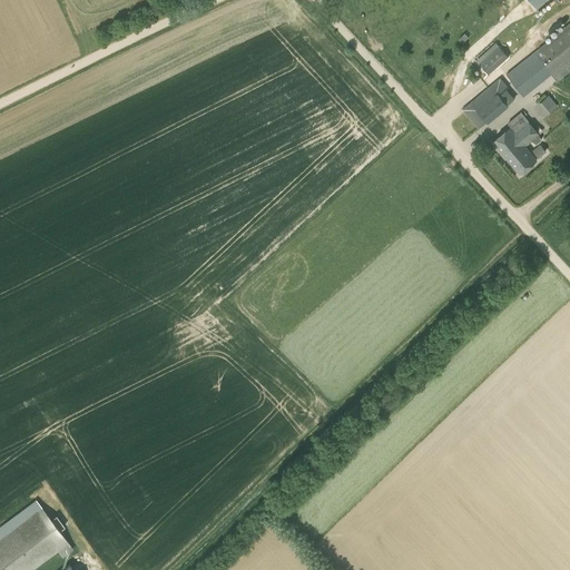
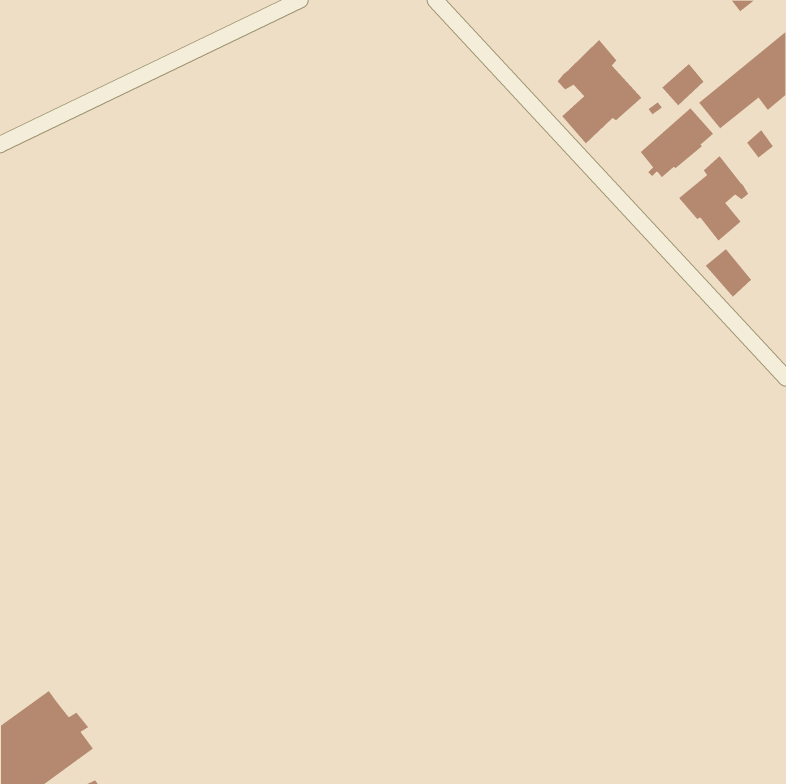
building: none -> [557,39,642,144]
building: none -> [705,248,752,298]

